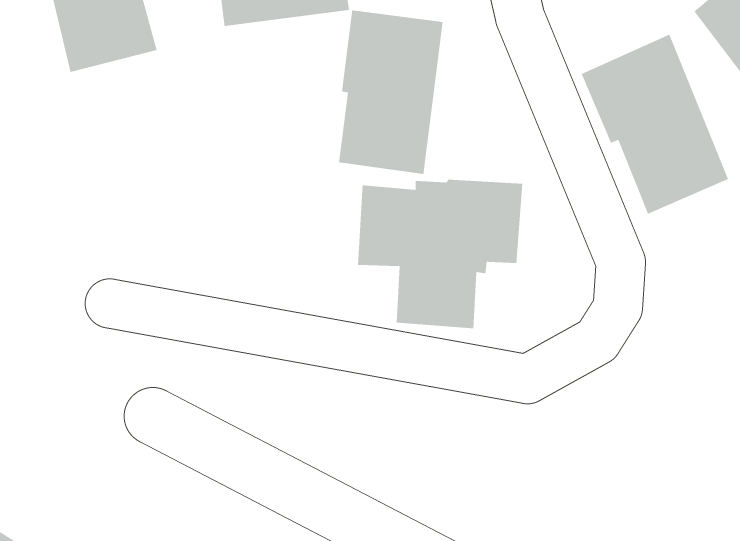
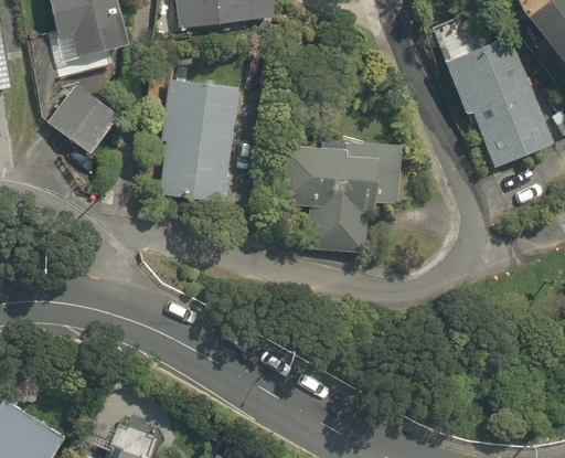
building: [338,10,443,174] -> [159,79,237,202]
building: none -> [49,84,119,153]

